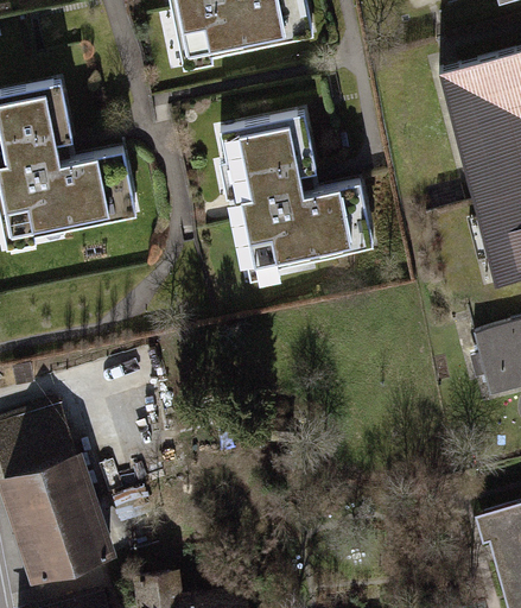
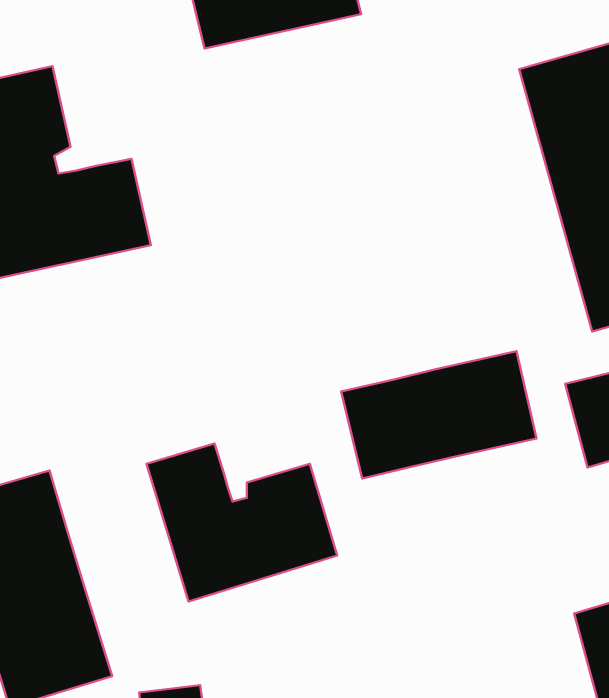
building: [224,114,377,268] -> none
building: none -> [341,351,537,478]
building: none -> [146,444,337,602]

